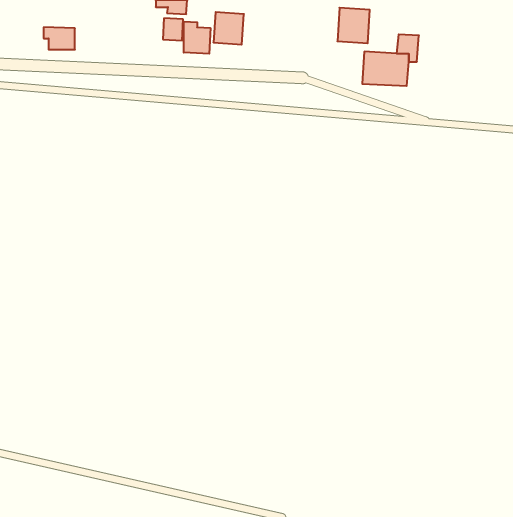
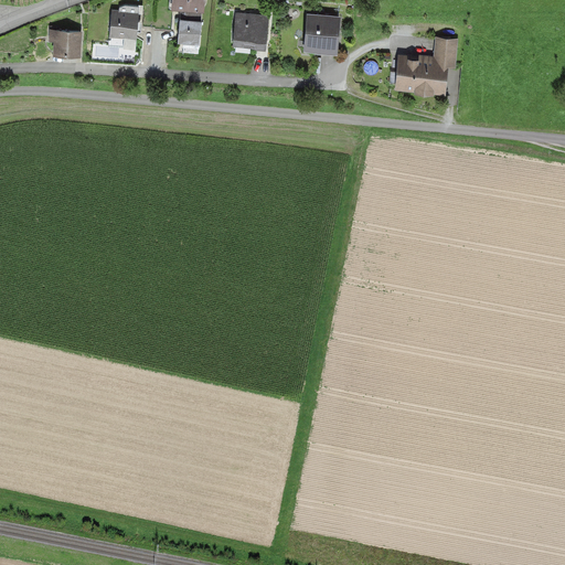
building: [337,8,370,43] -> [303,13,339,52]
building: none -> [108,11,136,47]
building: [184,22,210,54] -> none

